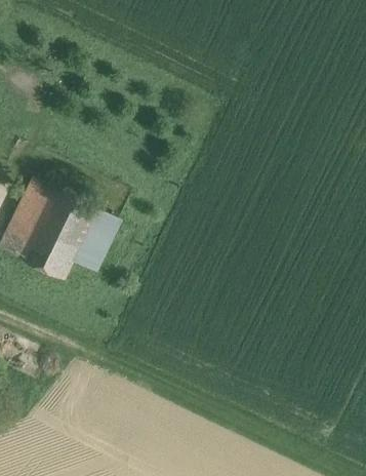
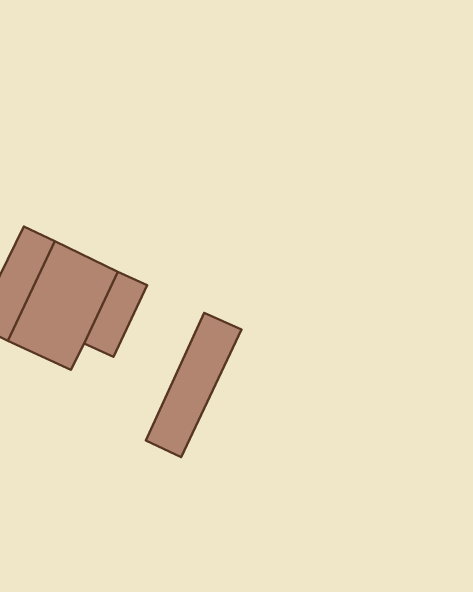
building: none -> [146,313,242,457]

